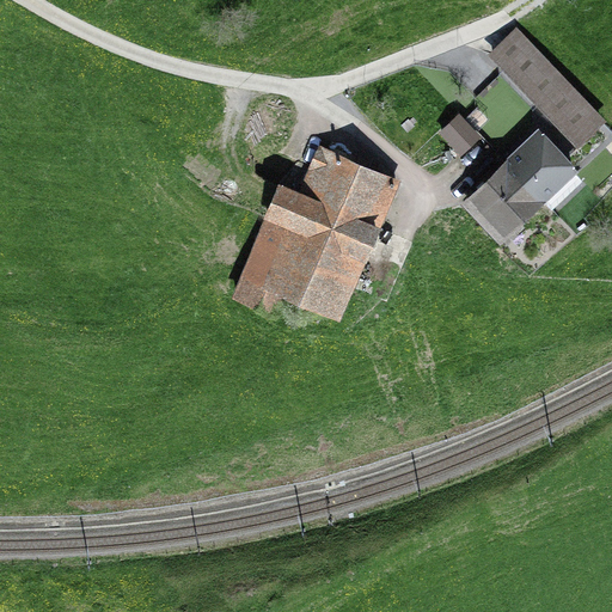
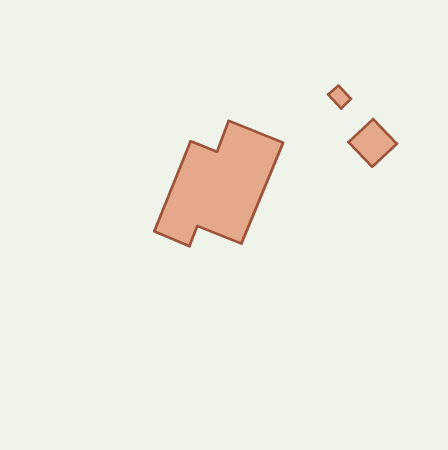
building: [500,31,602,136] -> none
building: [509,129,575,195] -> none

